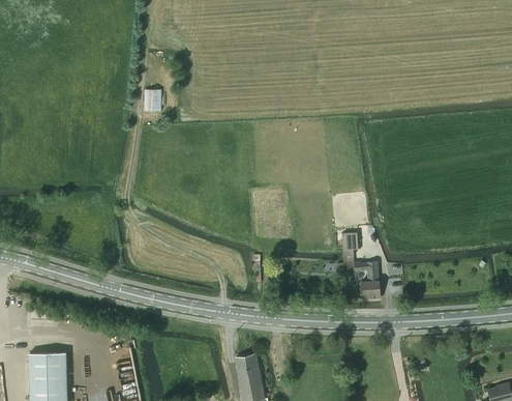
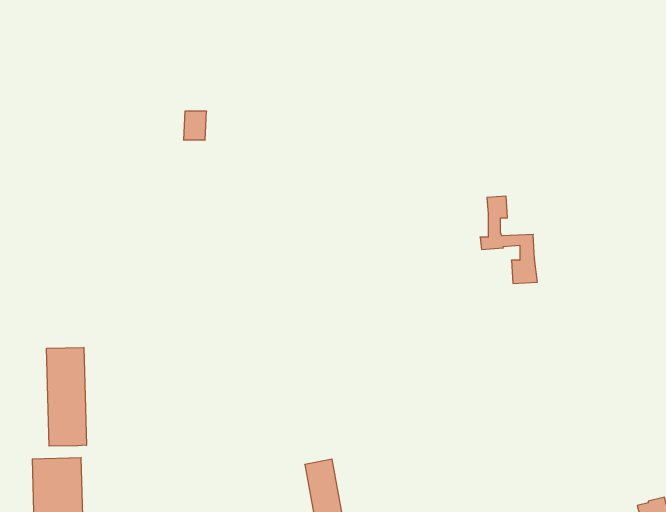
building: [337,233,381,299] -> [480,196,537,283]
building: none -> [47,347,87,446]

